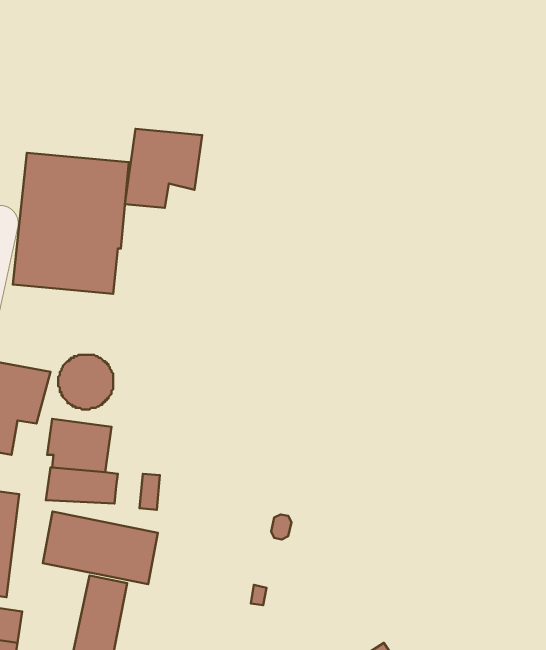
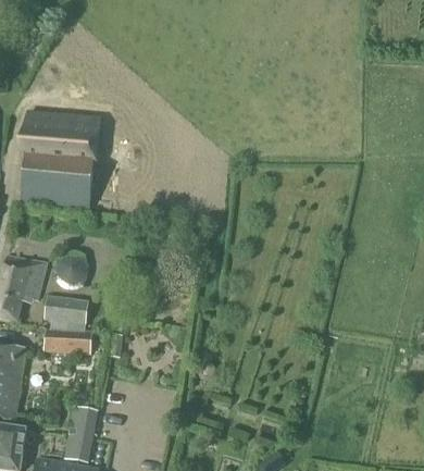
building: [125,129,202,208] -> none
building: [43,512,158,584] -> none

